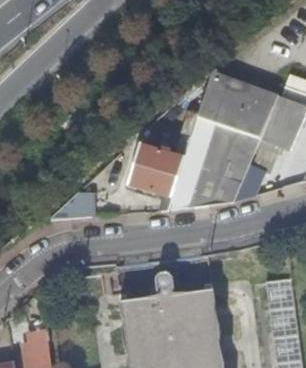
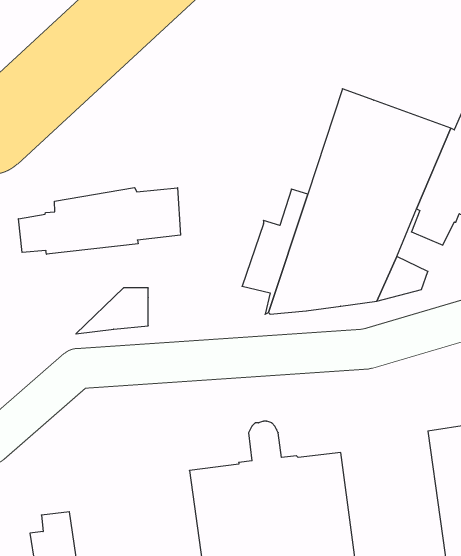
building: none -> [18,188,181,254]
building: [128,146,164,191] -> none

